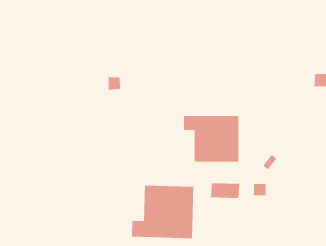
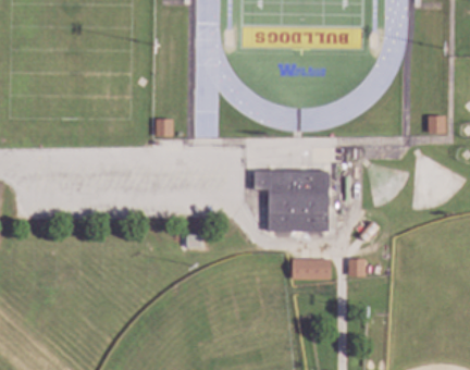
building: [131,185,194,239] -> none

